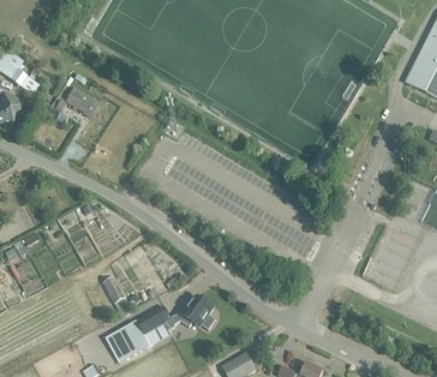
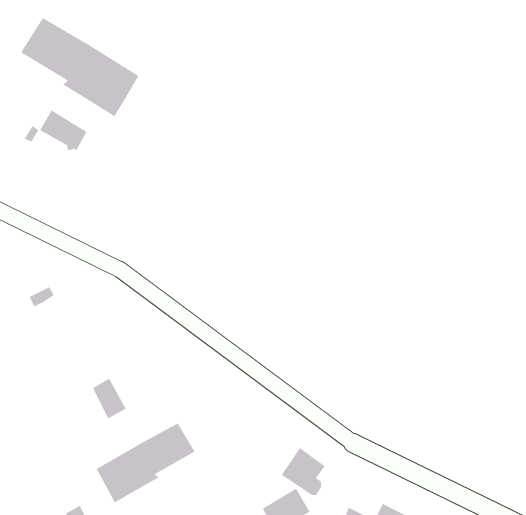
building: none -> [21,17,139,117]
building: [179,291,210,324] -> [281,447,325,495]

